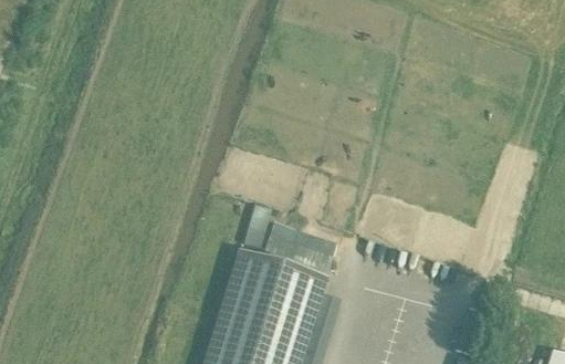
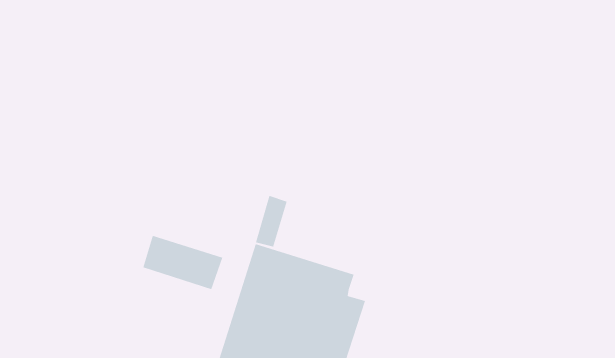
building: [263,230,335,279] -> [142,235,223,290]

